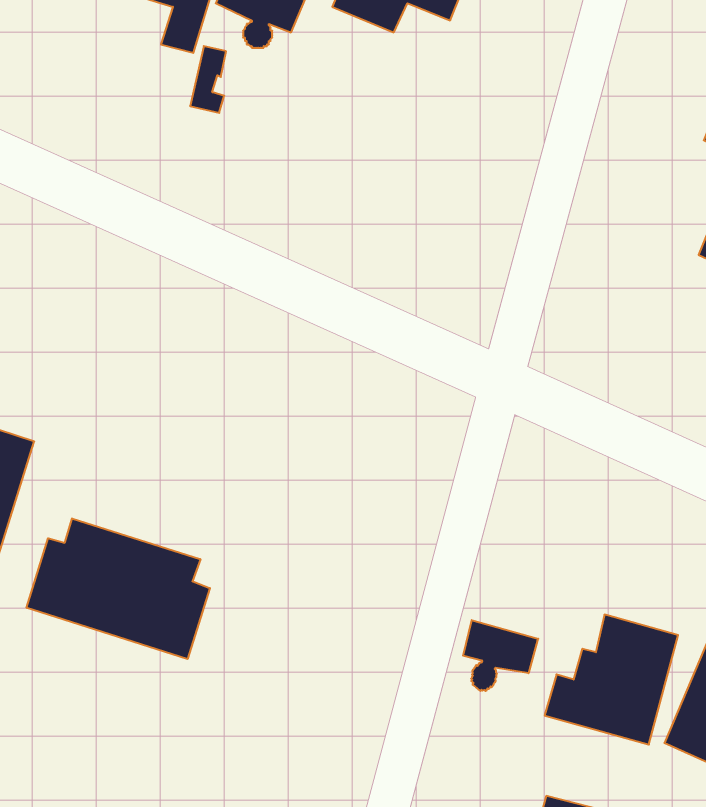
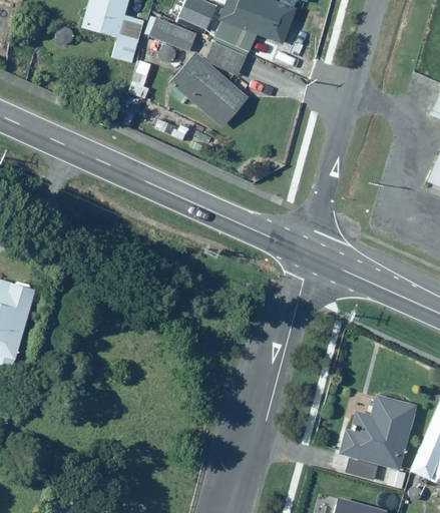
building: none -> [169,40,248,127]
building: [27,518,210,659] -> none
building: [463,620,538,691] -> none

